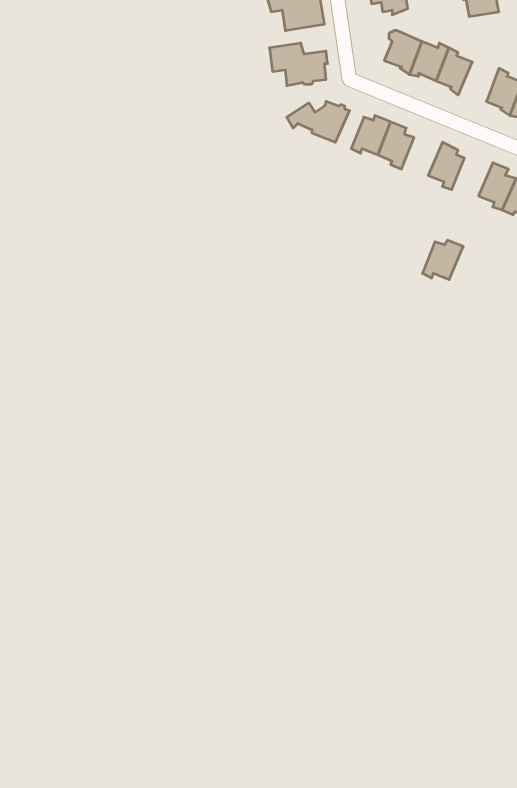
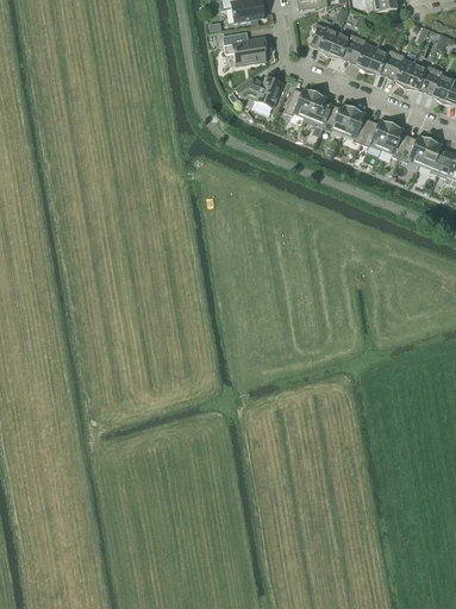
building: none -> [367,48,398,77]
building: none -> [324,103,355,133]
building: [422,240,463,280] -> [362,119,393,149]

